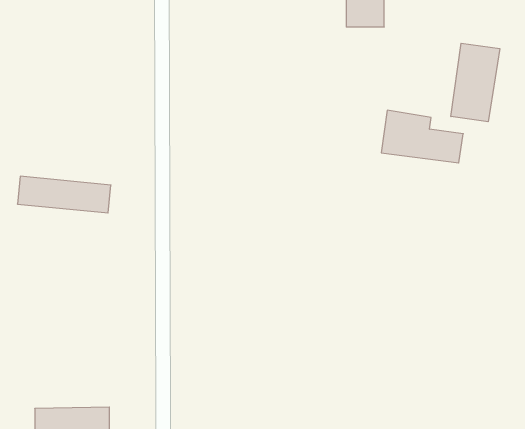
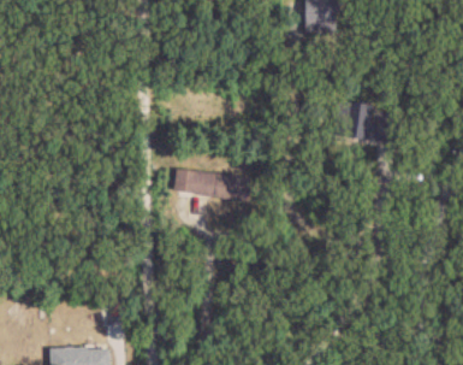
building: [451,43,500,122] -> none
building: [17,176,111,213] -> [174,170,251,200]

